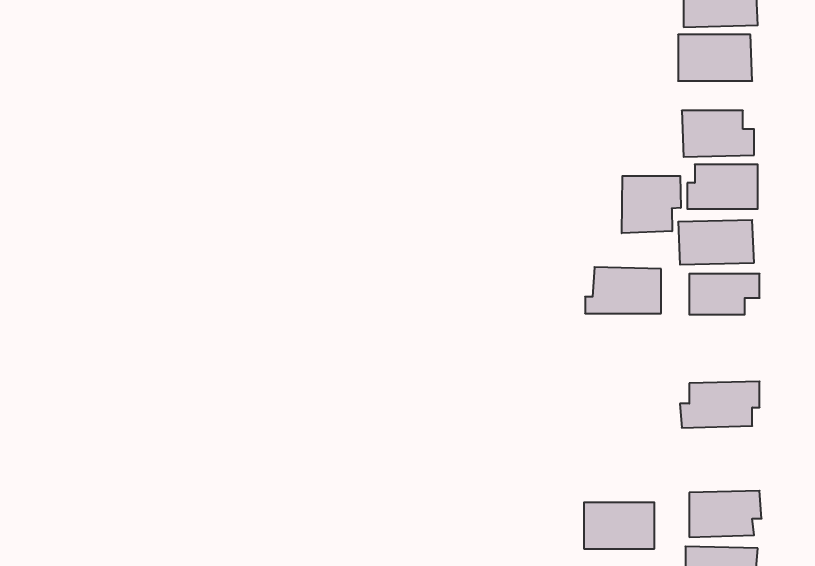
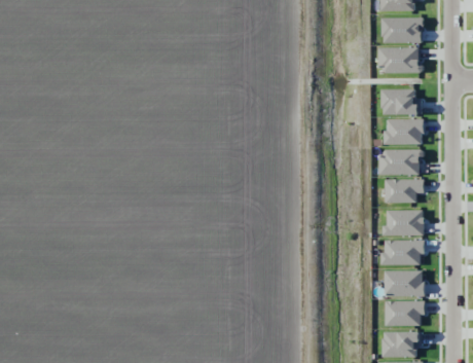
building: [622,176,681,233] -> none
building: [585,267,661,313] -> [383,210,425,235]
building: [584,502,654,549] -> [386,270,425,296]

